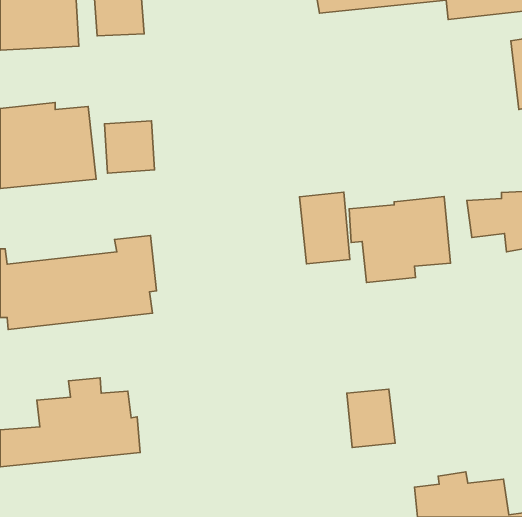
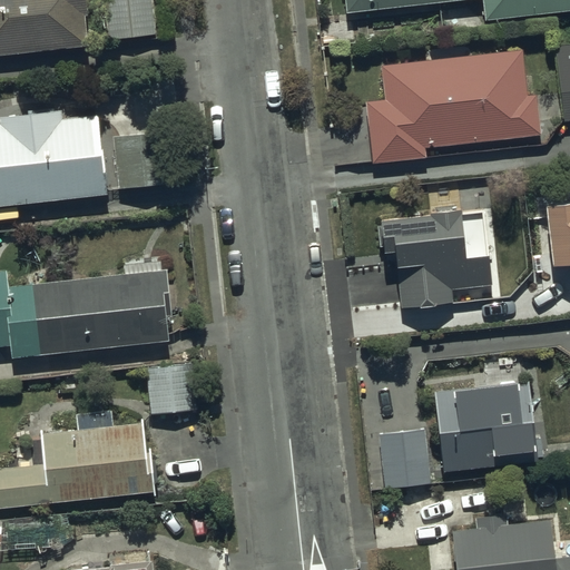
building: none -> [367,48,540,164]
building: [299,192,350,264] -> none
building: none -> [147,365,195,412]
building: none -> [433,383,533,473]

